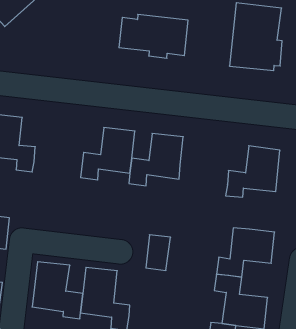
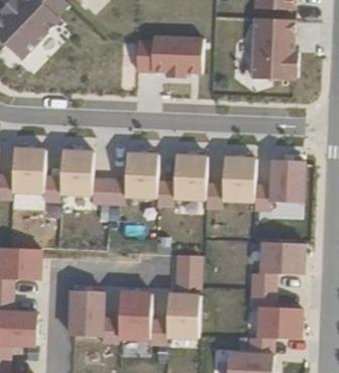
building: none -> [61,148,109,203]
building: none -> [205,155,255,208]
building: none -> [166,293,200,337]

